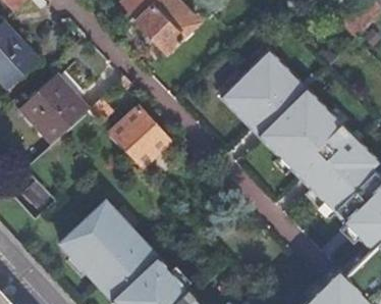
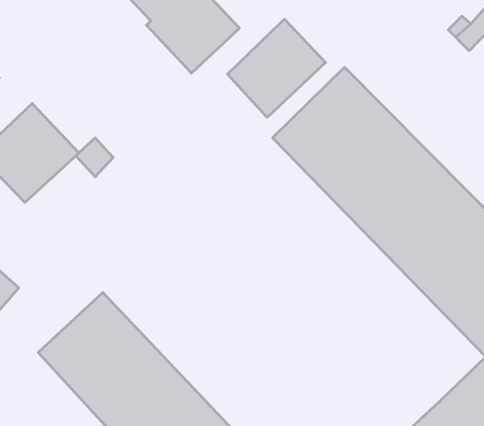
building: none -> [228,19,326,117]
building: [109,107,169,168] -> none

